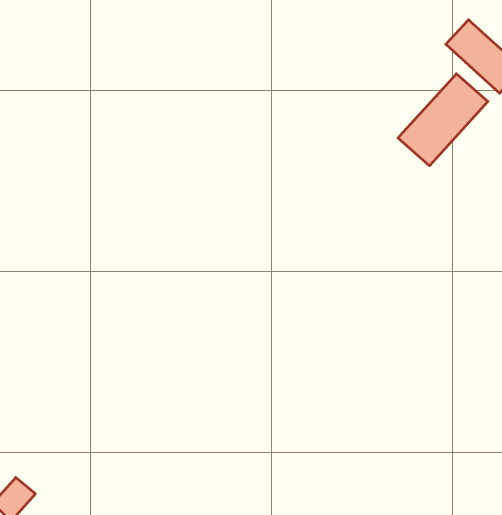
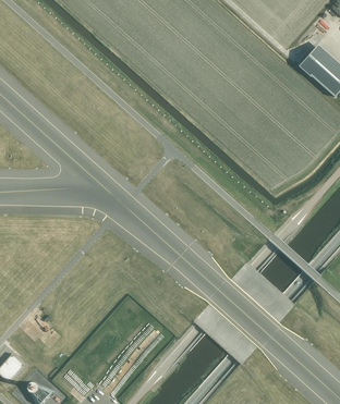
building: [398,74,488,166] -> none

